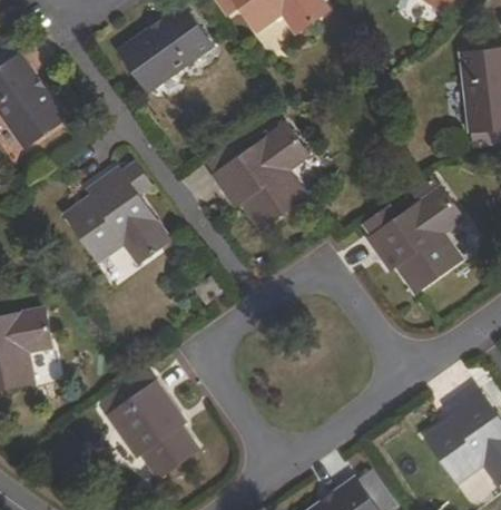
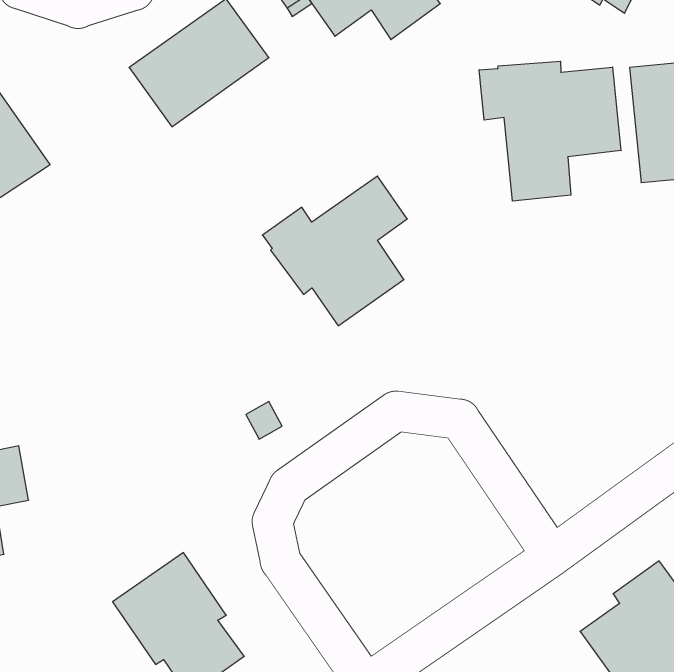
building: none -> [479,61,621,201]
building: [66,165,170,264] -> none
building: [366,188,461,292] -> none

